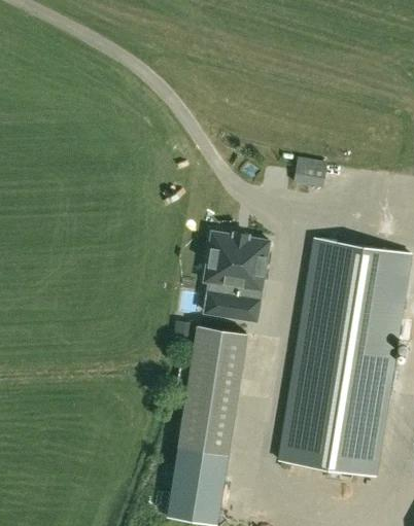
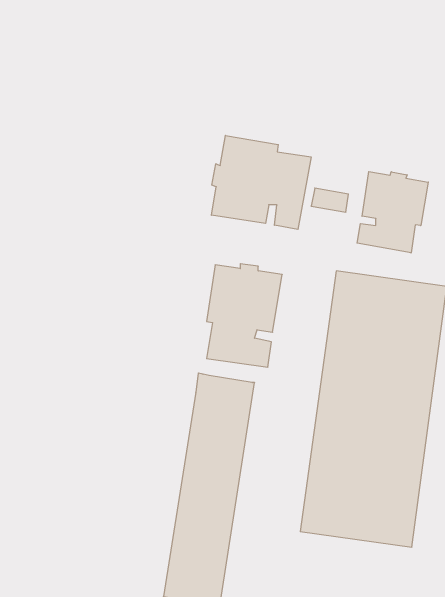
building: none -> [211,135,311,229]
building: none -> [357,172,428,253]

